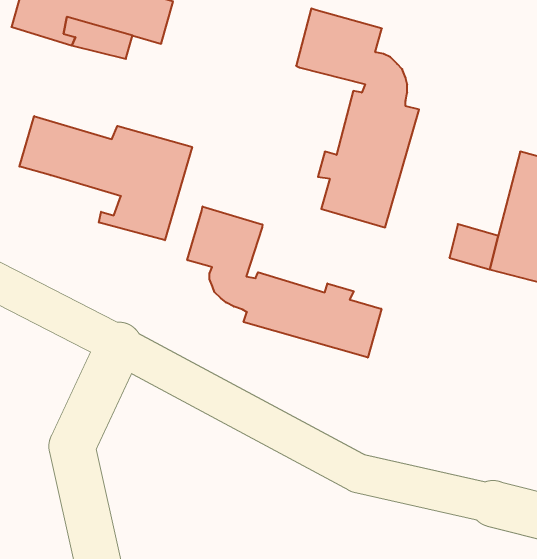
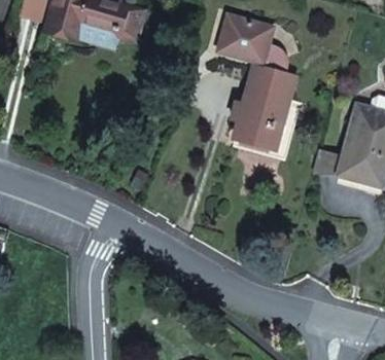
building: [19,116,192,240] -> none
building: [187,206,381,358] -> none

